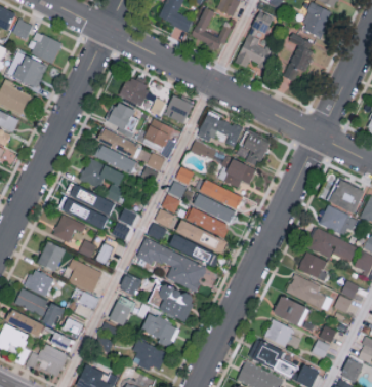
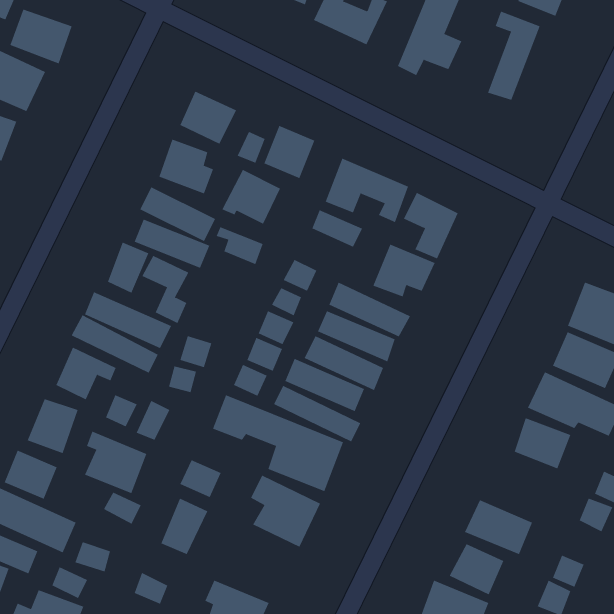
building: [286,274,332,310] -> none
building: [140,313,179,347] -> none

